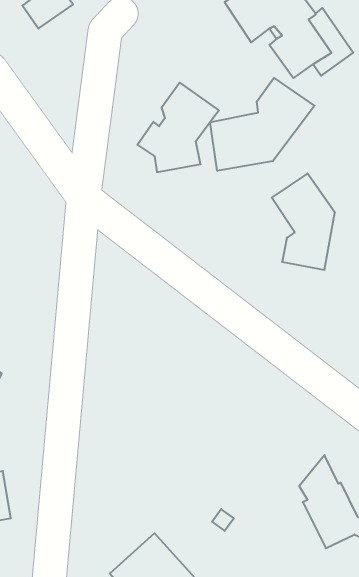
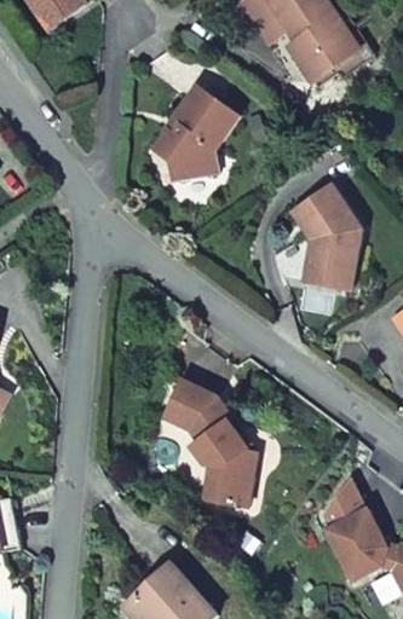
building: [210,78,315,171] -> none
building: none -> [165,380,255,507]

